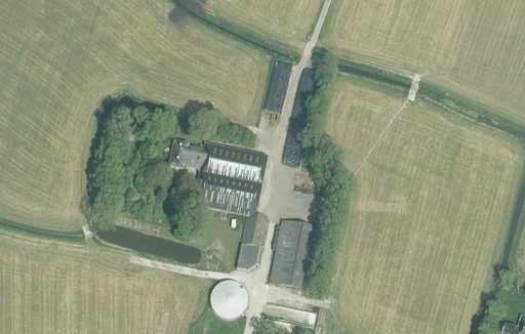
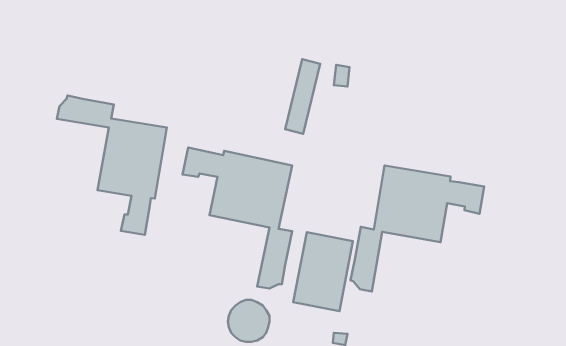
building: none -> [57,96,167,235]
building: none -> [351,165,484,291]

